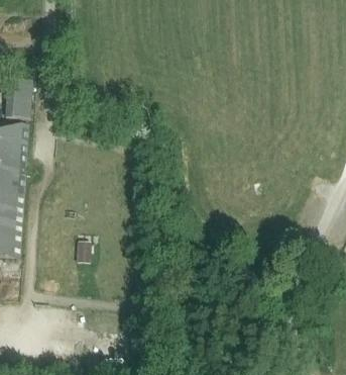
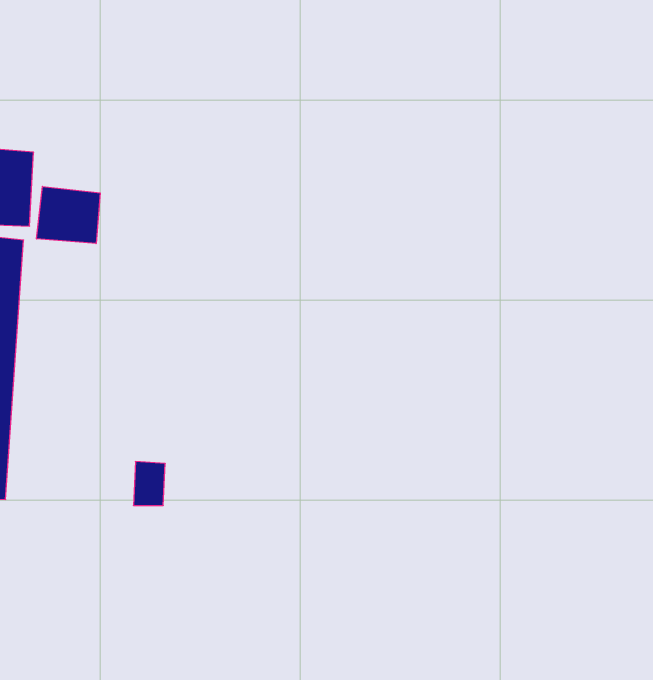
building: none -> [37,186,100,244]

